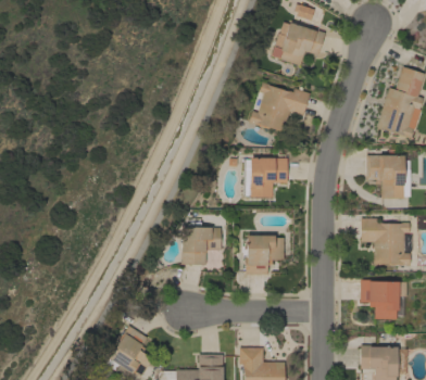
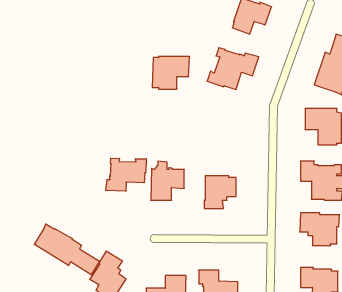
building: [243,159,288,198] -> [152,57,190,89]
building: none -> [106,158,146,191]
building: none -> [34,224,100,275]

